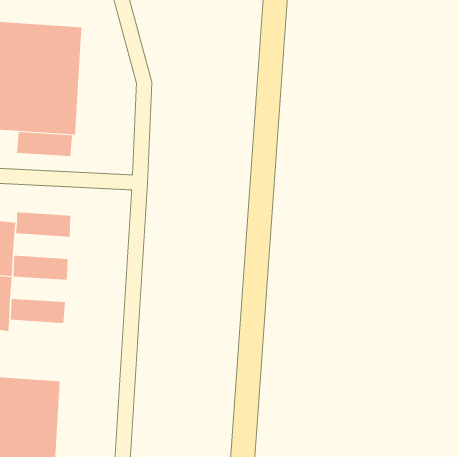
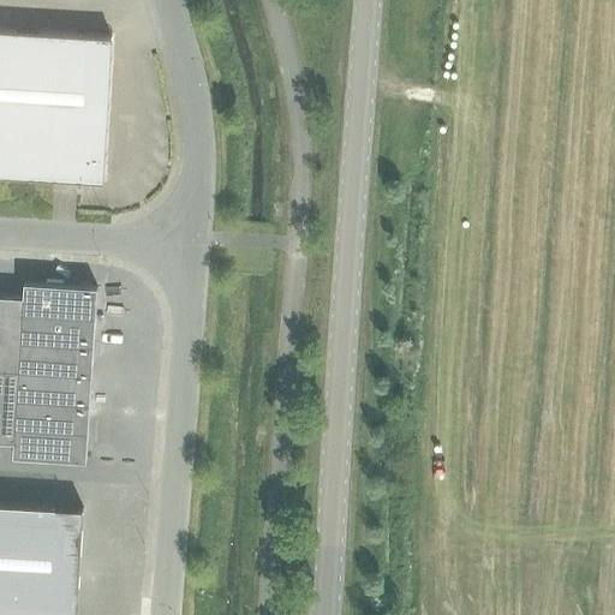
building: [16,131,73,157] -> [18,316,94,350]
building: none -> [14,374,90,407]
building: none -> [11,431,85,466]

